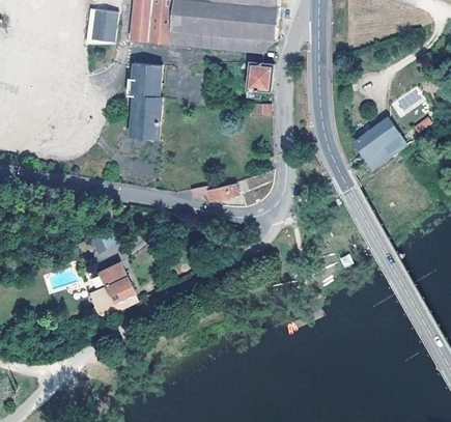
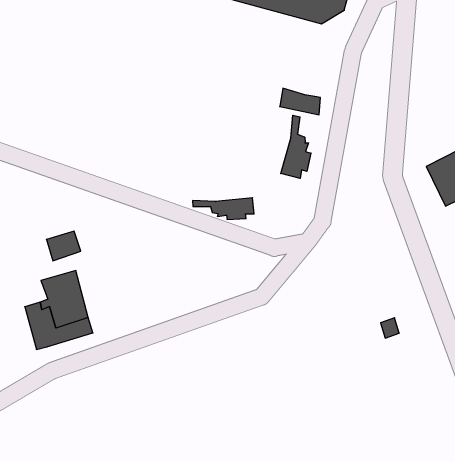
building: [130,62,163,134] -> none
building: [247,62,273,97] -> none
building: none -> [281,115,311,178]

